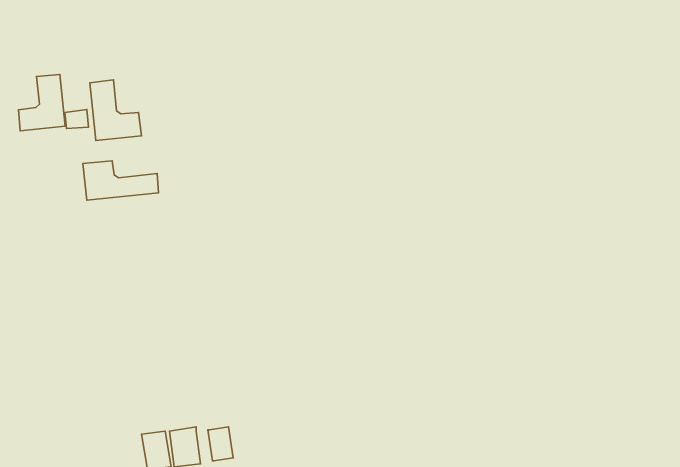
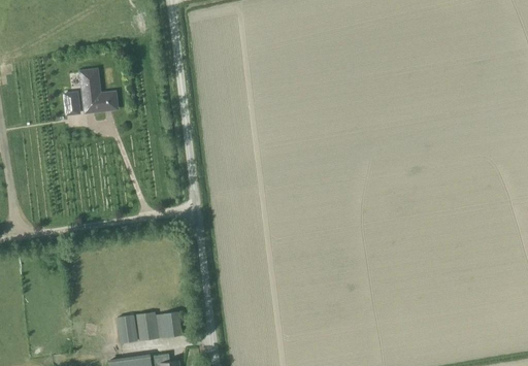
building: [18,75,65,131] -> none
building: [83,161,159,200] -> none

